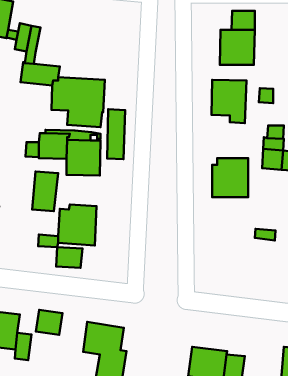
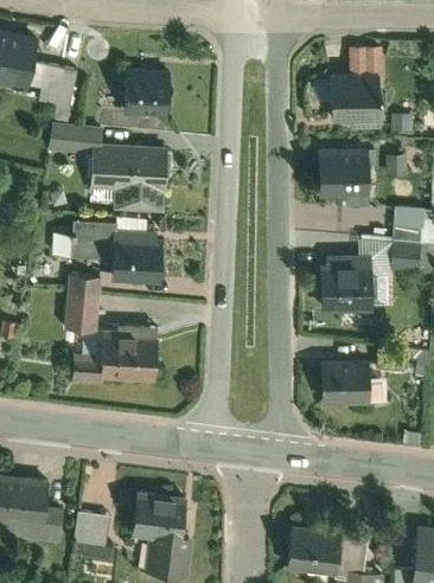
building: none -> [125,65,170,118]
building: [107,109,125,159] -> none
building: none -> [359,243,392,271]
building: none -> [325,357,375,406]
building: [56,247,83,268] -> none
building: [36,310,62,335] -> [74,514,111,550]

